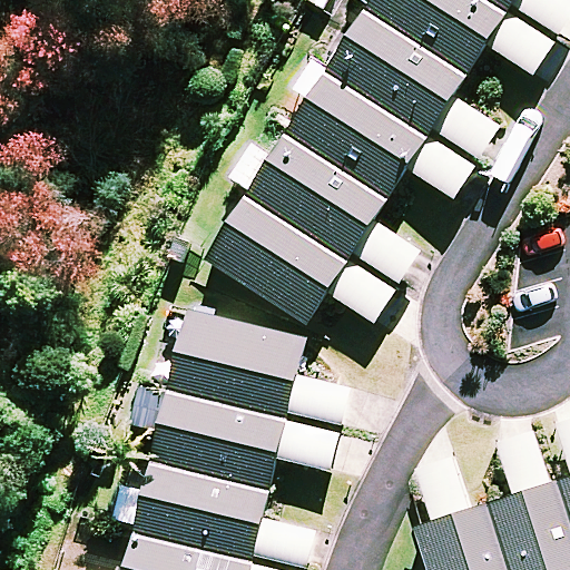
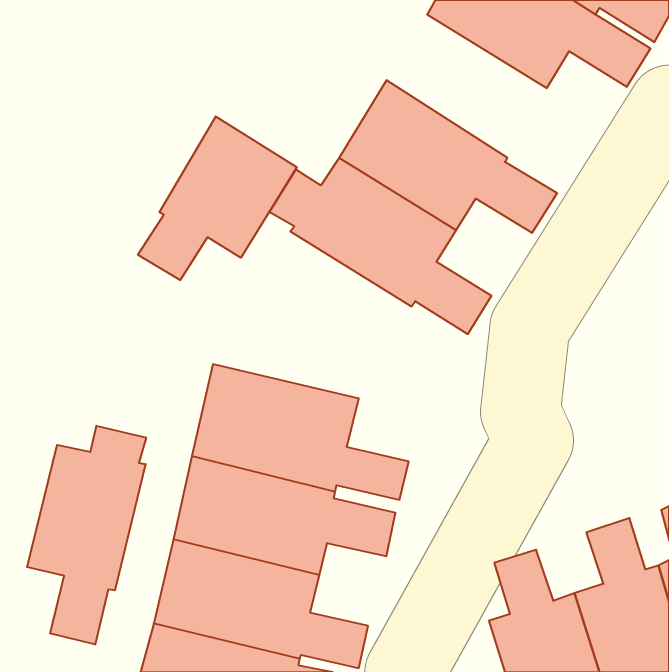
building: [327,12,495,156] -> none
building: none -> [138,116,297,280]
building: [206,196,392,322] -> none
building: none -> [27,426,146,645]

